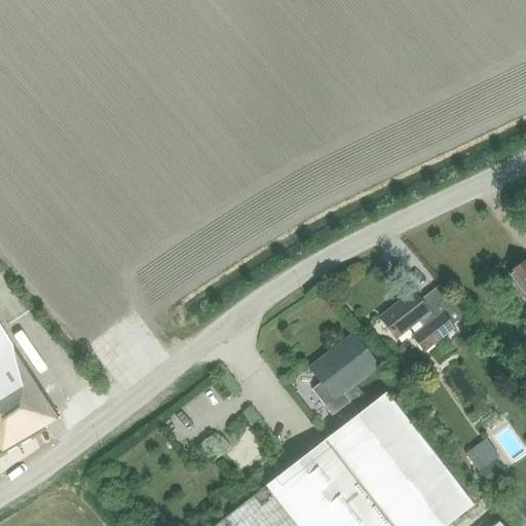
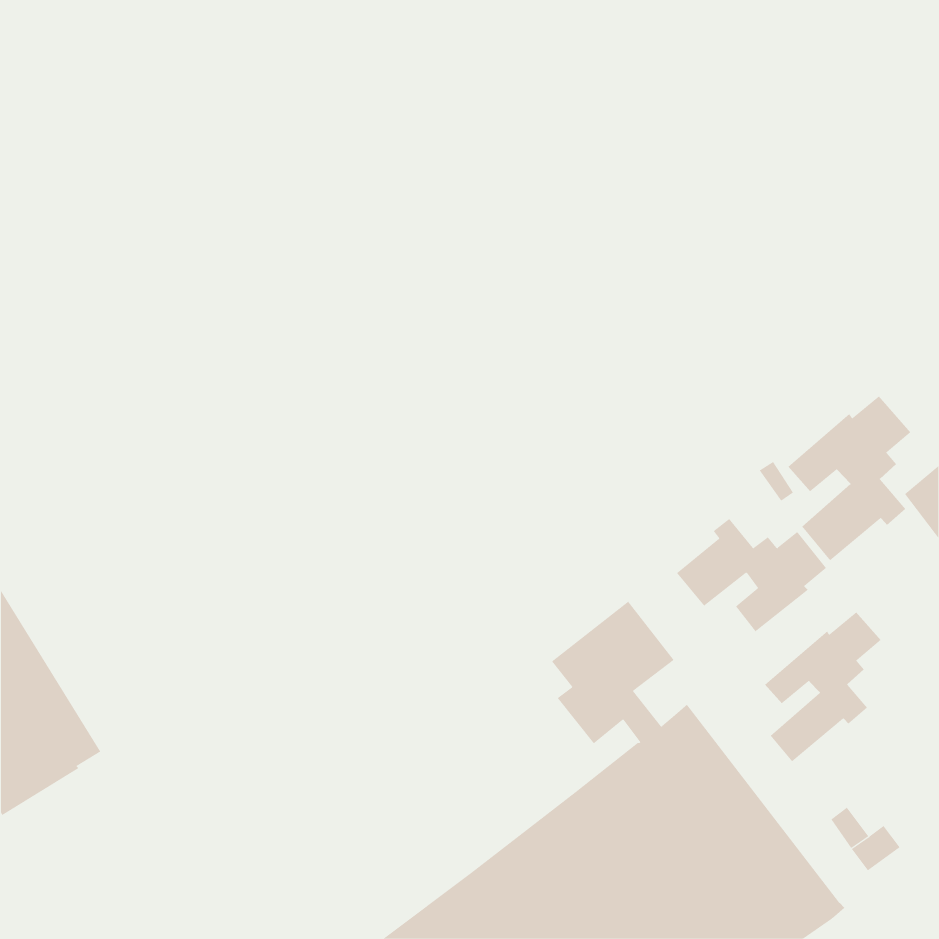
building: none -> [788,395,911,561]
building: none -> [764,612,882,762]

